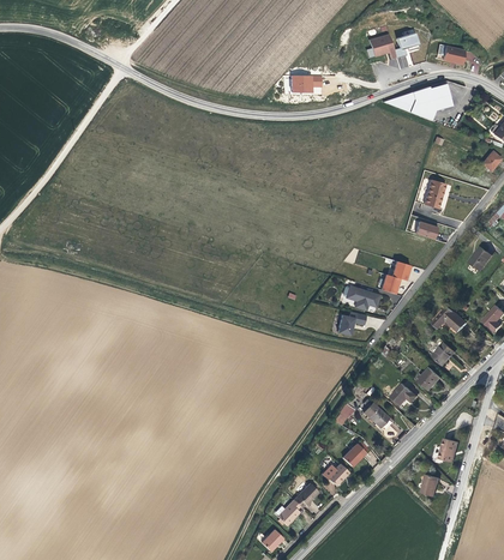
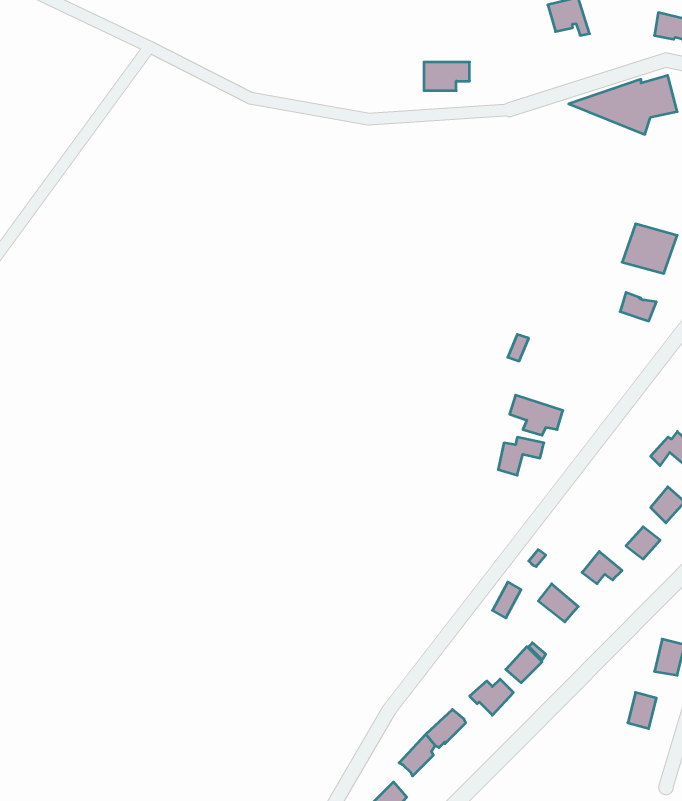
building: [380,261,412,295] -> none

